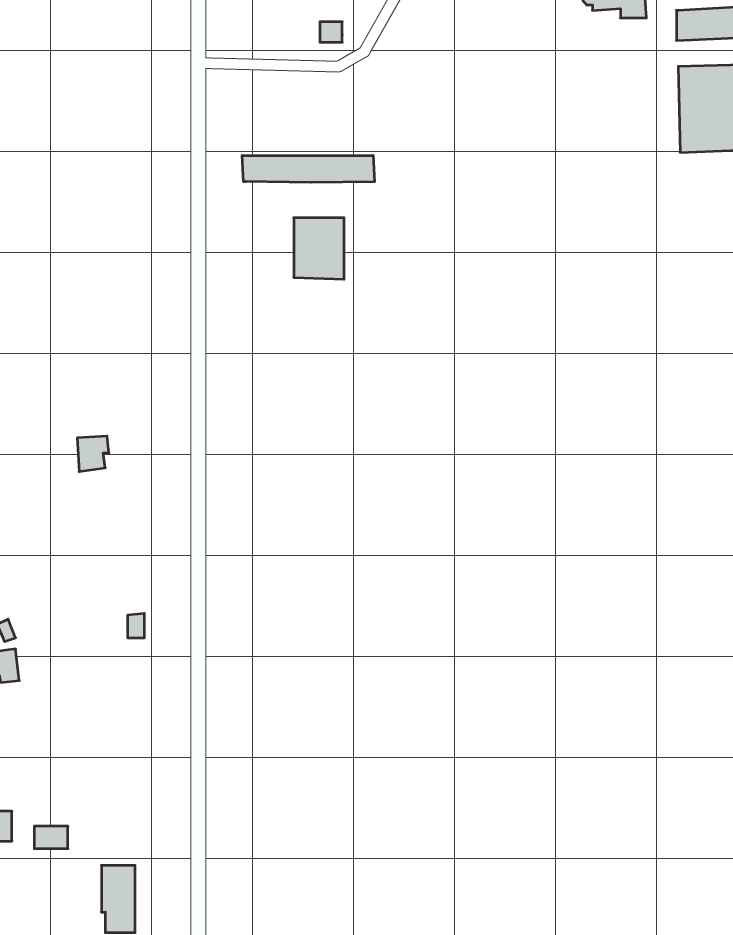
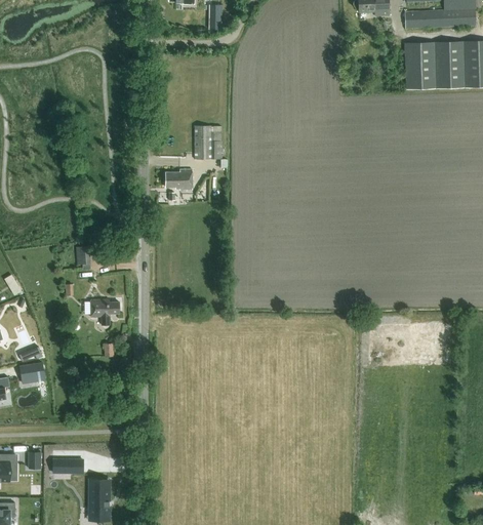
building: [242,155,374,182] -> none
building: none -> [166,169,192,190]
building: none -> [90,298,119,324]

